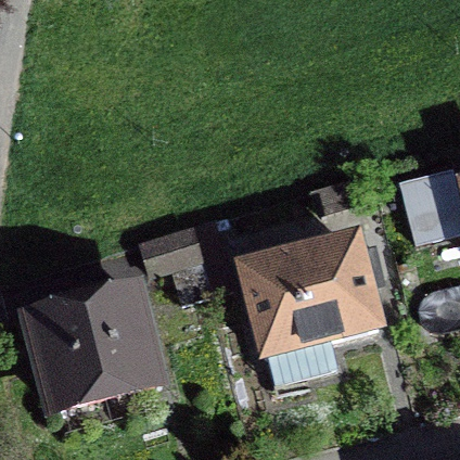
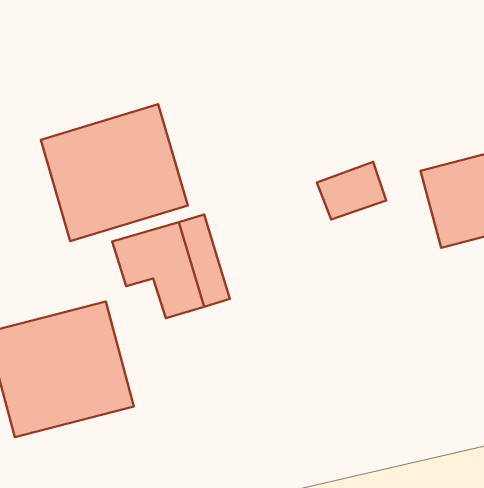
building: none -> [41,104,188,241]
building: [247,246,380,354] -> none

